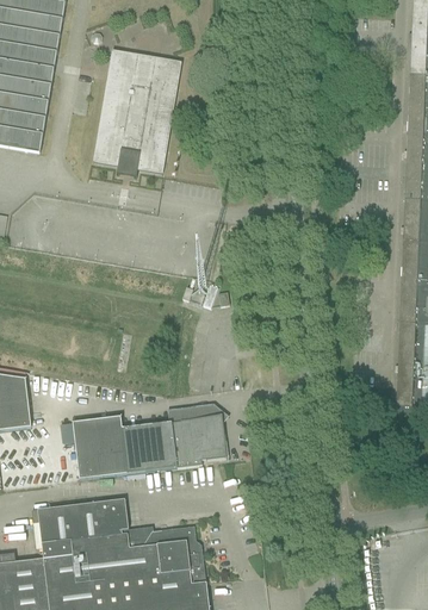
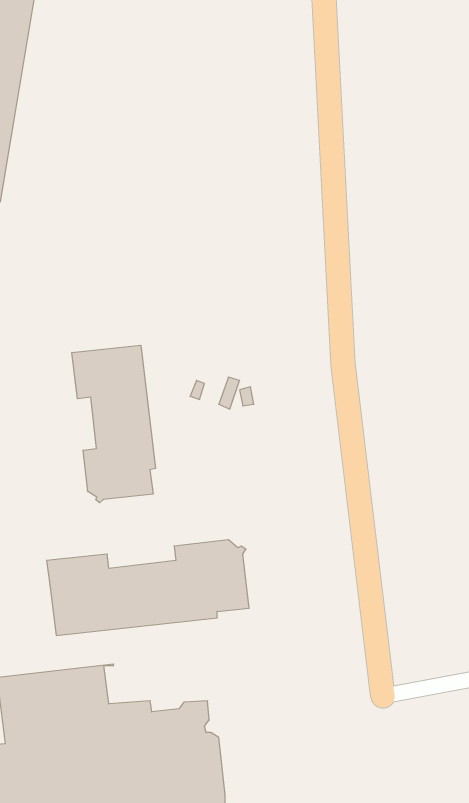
building: [94,50,182,178] -> none
building: none -> [72,345,156,503]

